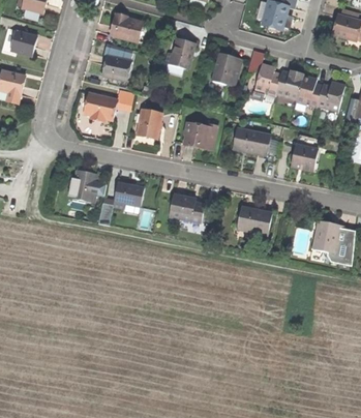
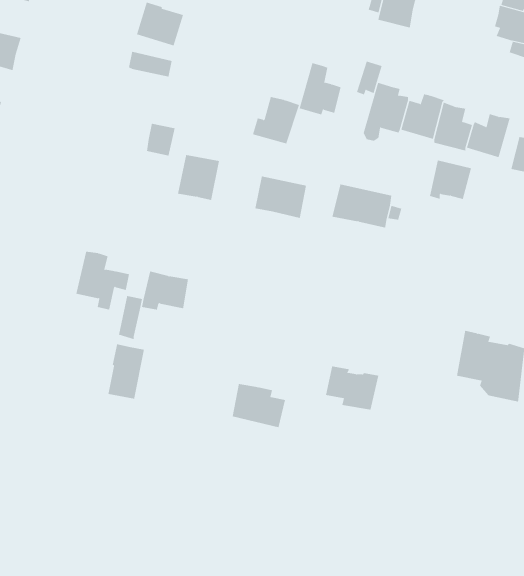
building: [166,37,195,67] -> [252,97,300,144]
building: [102,55,130,80] -> none
building: [86,93,117,121] -> none
building: [291,144,318,169] -> [429,160,472,199]
building: [170,193,204,221] -> [232,384,286,428]
building: [238,206,272,234] -> [325,366,379,410]
building: none -> [108,343,144,399]

